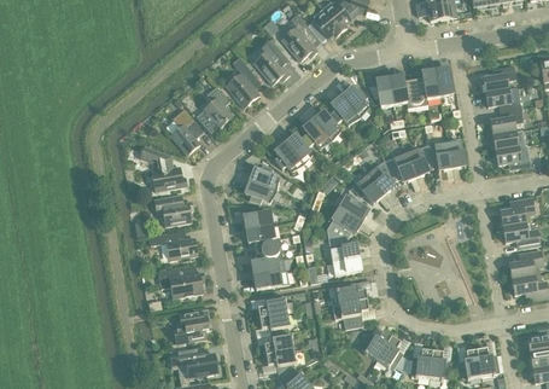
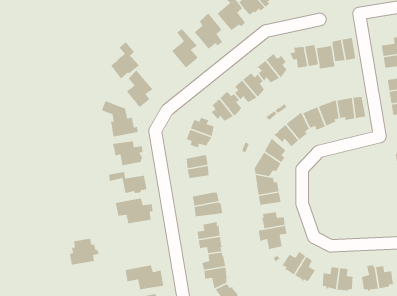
building: [197,85,233,132] -> [110,41,140,79]
building: [247,236,282,261] -> none
building: [174,308,211,342] -> [69,238,100,265]

